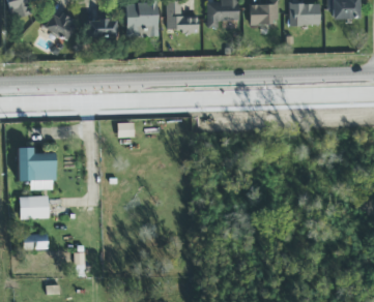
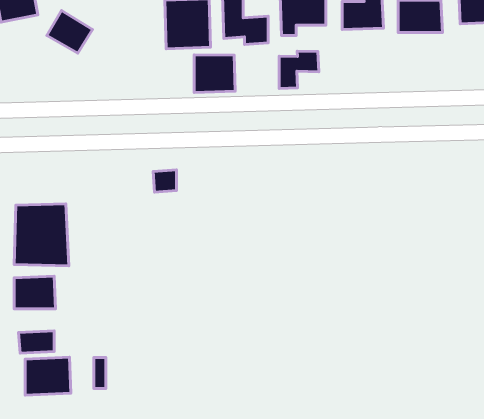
building: [87,20,116,38] -> none
building: none -> [279,51,319,88]
building: none -> [194,55,235,93]
building: none -> [25,357,71,395]

